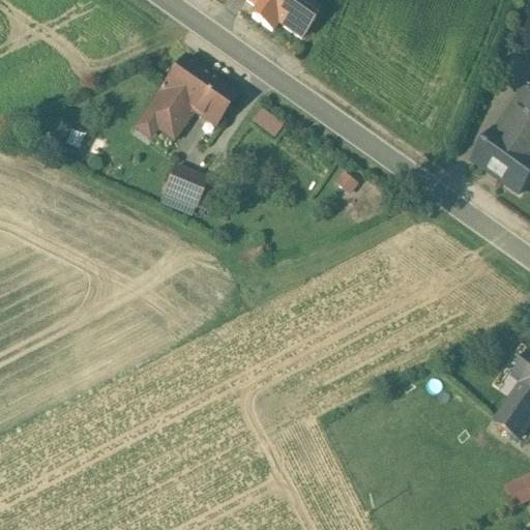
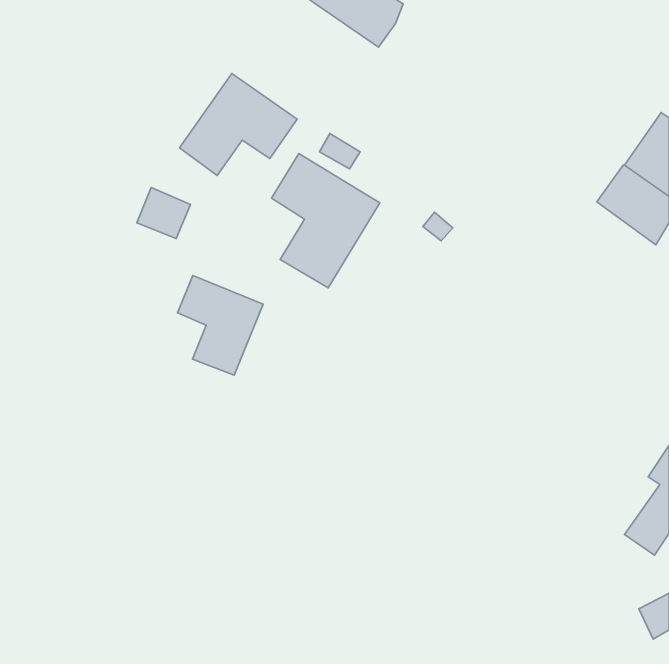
building: none -> [272,153,380,288]
building: [163,166,205,206] -> [137,188,191,239]
building: none -> [177,275,263,375]

